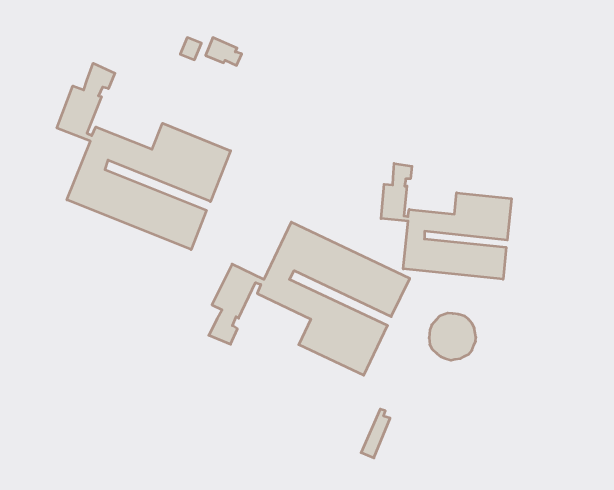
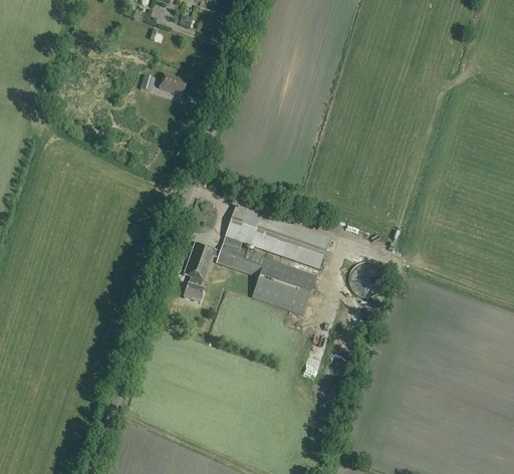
building: [57,63,231,250] -> none
building: [381,163,511,279] -> none

